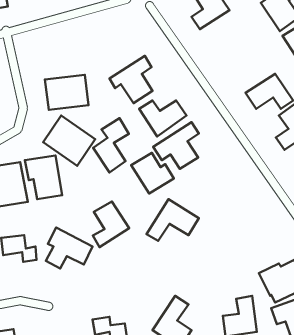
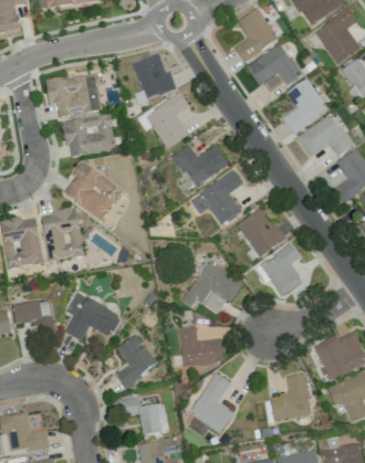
building: none -> [247,43,302,85]
building: none -> [133,52,177,99]
building: none -> [45,74,103,117]
building: none -> [282,78,327,131]
building: [93,118,129,172] -> none
building: [131,153,174,194] -> [237,209,286,256]
building: none -> [261,244,303,296]
building: [93,201,129,247] -> [116,334,158,387]
building: none -> [179,325,223,366]

